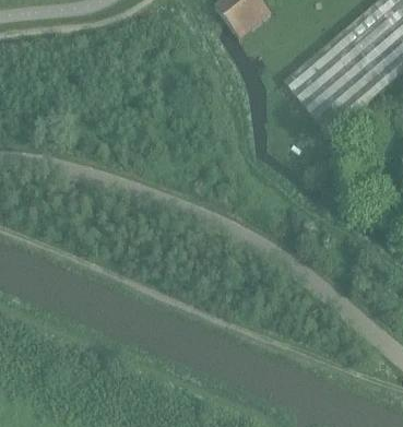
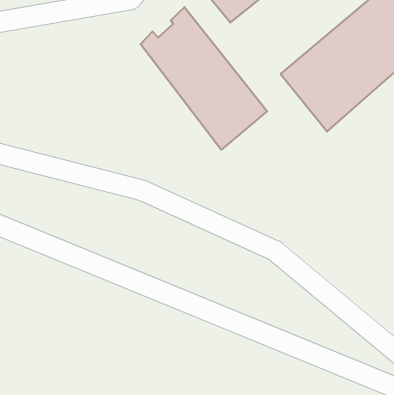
building: none -> [141,7,267,150]

